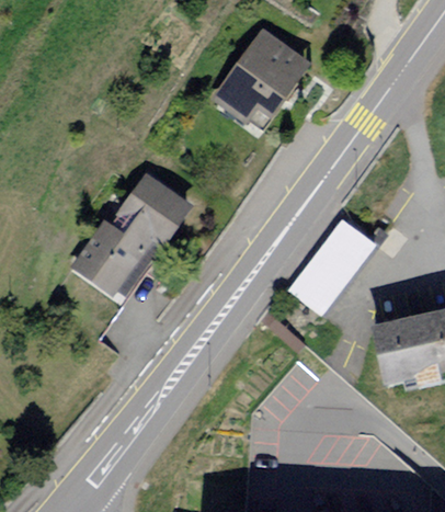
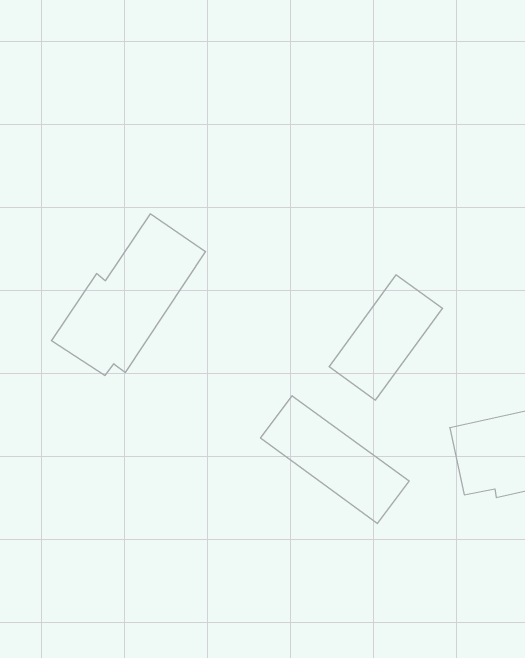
building: [214,30,309,122] -> none
building: none -> [261,396,409,524]

